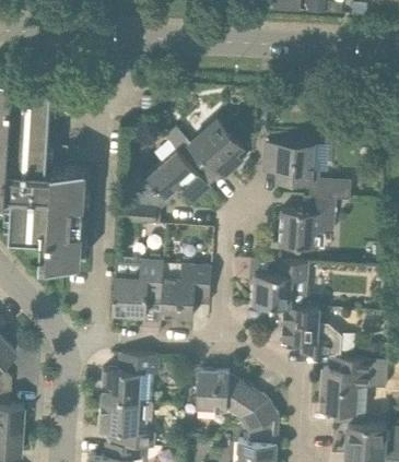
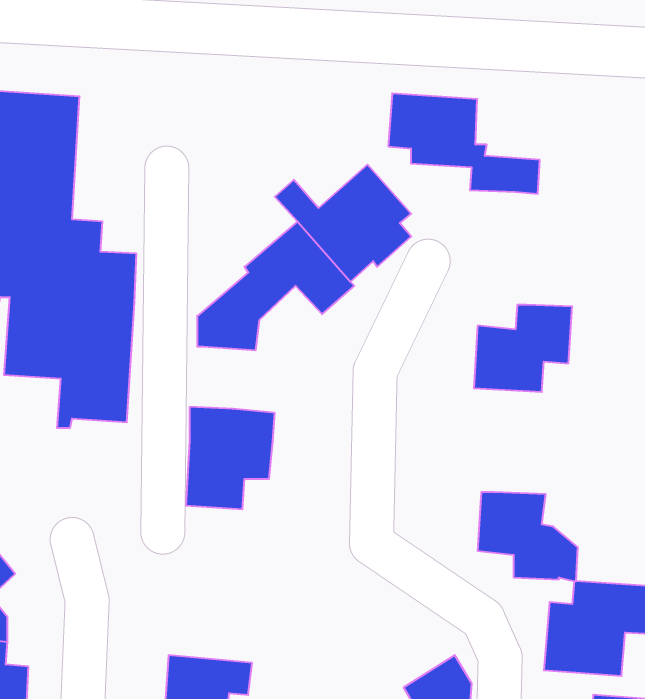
building: [262,143,350,201] -> [388,93,540,194]
building: [253,262,310,307] -> none
building: [160,265,211,319] -> none
building: [103,355,156,405] -> none
building: [196,372,268,419] -> none

